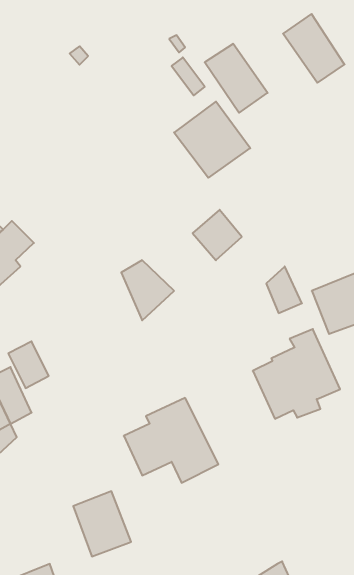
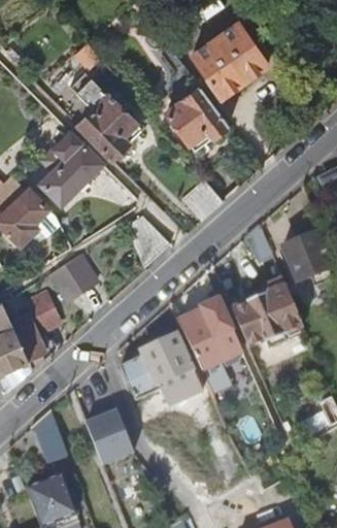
building: [283,14,345,83] -> [215,22,267,79]
building: none -> [68,74,139,162]
building: none -> [39,135,99,204]
building: none -> [52,254,98,298]
building: none -> [180,299,242,370]
building: none -> [30,410,68,461]

